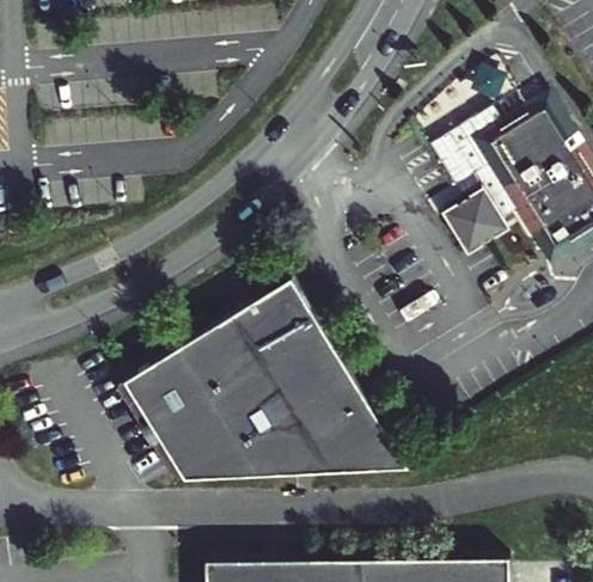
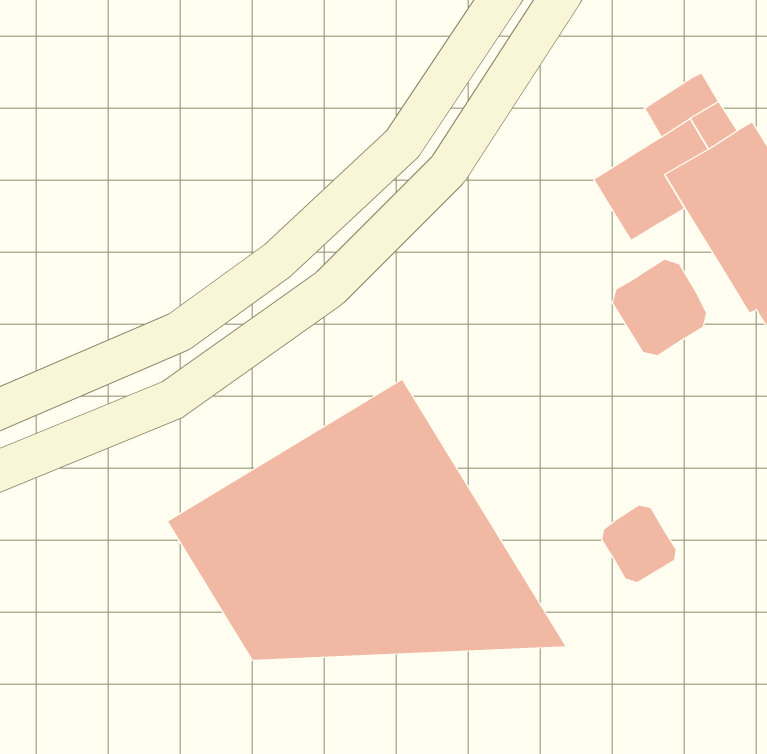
building: [471,161,520,221] -> none
building: none -> [602,505,676,583]

